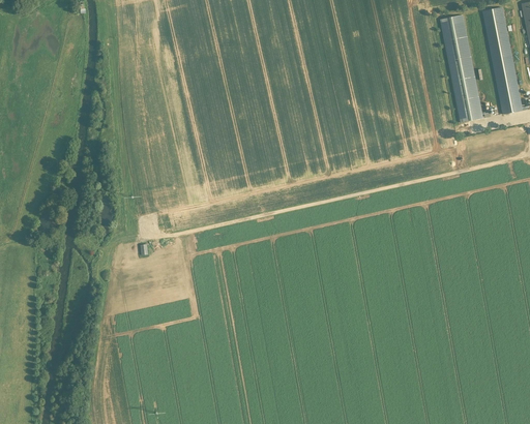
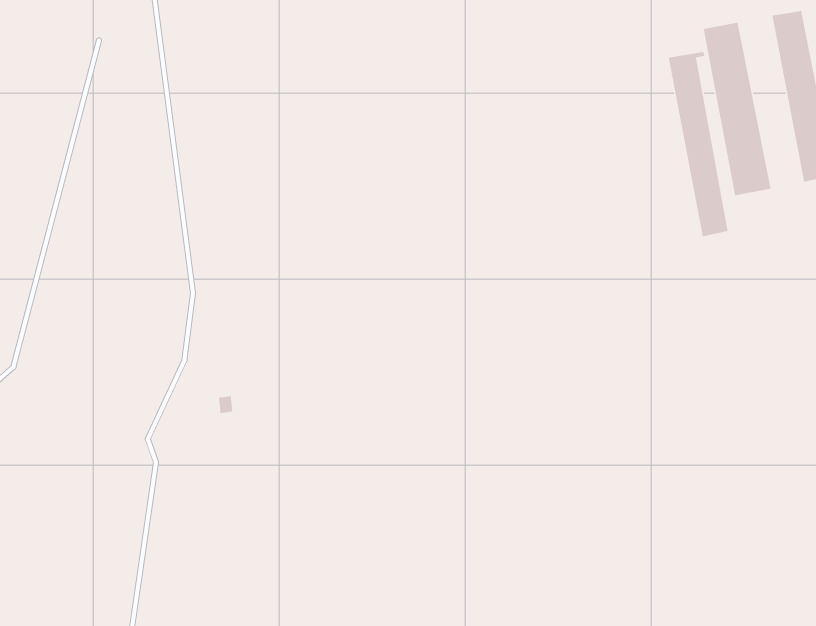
building: none -> [668,51,729,237]

